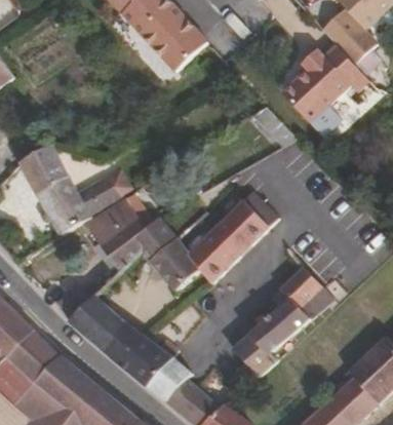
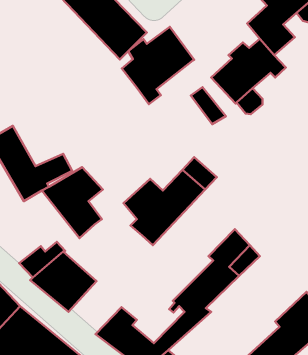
building: none -> [122,27,194,104]
building: [137,216,199,294] -> none
building: [115,325,180,386] -> none

